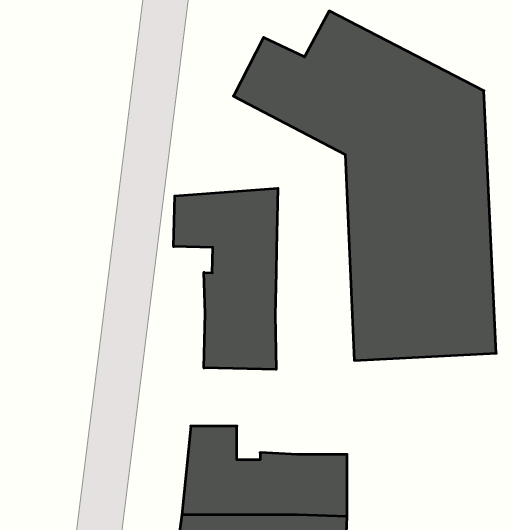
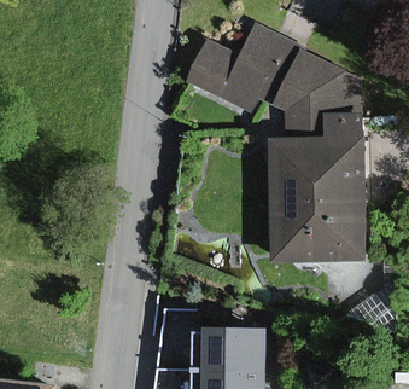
building: [174,188,278,369] -> none

